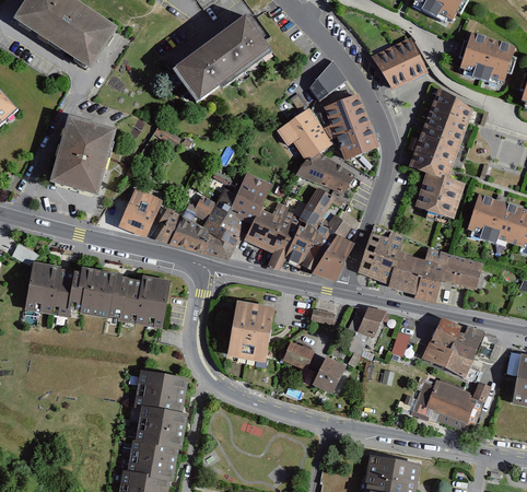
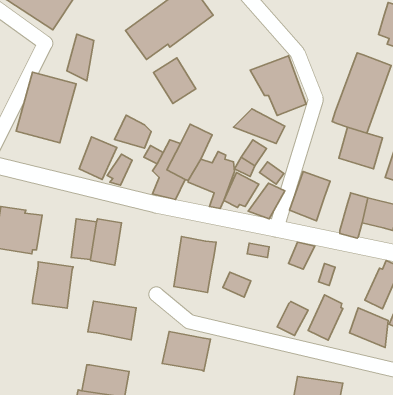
building: [373,38,425,92] -> none
building: [307,61,347,104] -> none
building: none -> [67,34,94,81]
building: [282,108,330,160] -> [153,58,196,103]
building: [169,213,211,250] -> [114,115,151,148]
building: [388,254,424,292] -> none
building: [72,270,118,323] -> [32,262,73,308]
building: [421,319,460,371] -> [308,295,343,340]
building: [313,354,348,393] -> [277,302,308,335]
building: [132,408,187,453] -> [162,332,211,371]

